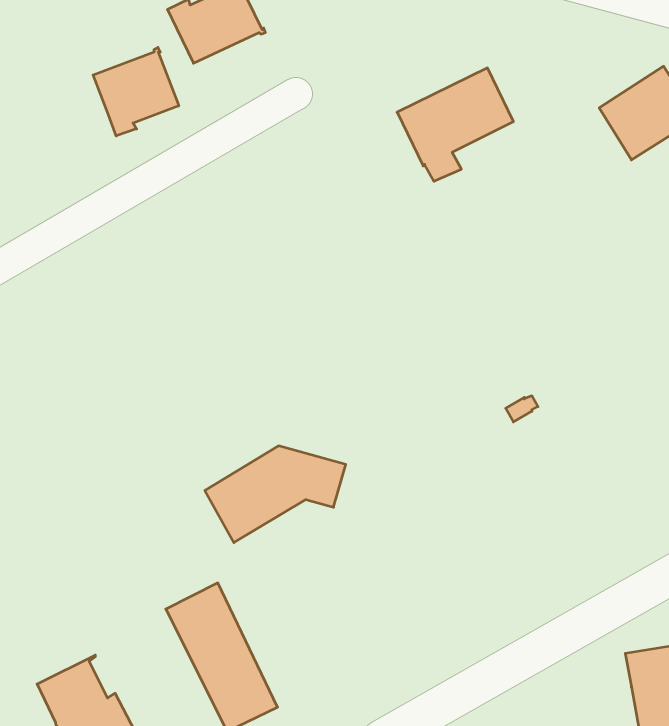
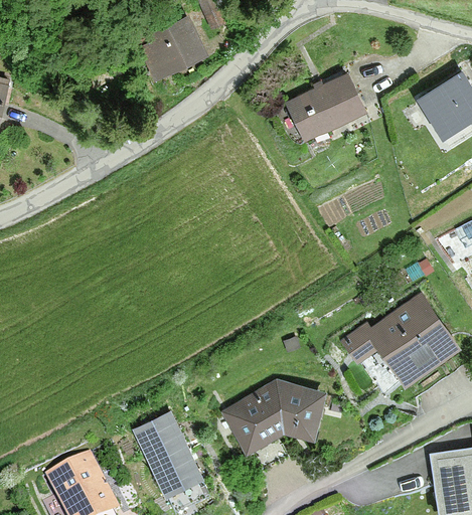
building: [93,47,179,136] -> none
building: none -> [344,296,449,372]
building: [205,446,346,543] -> [227,382,320,446]

